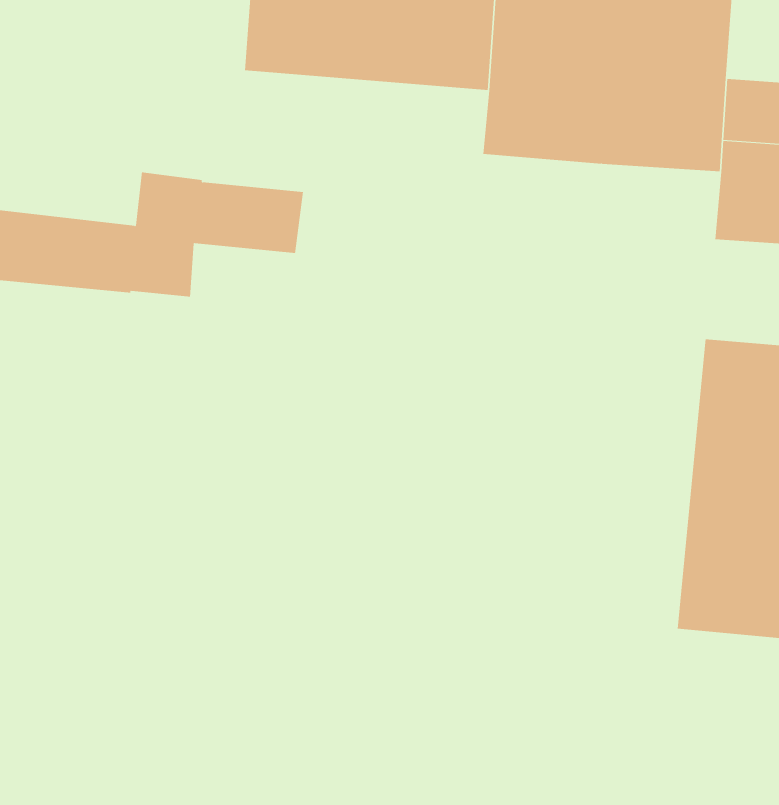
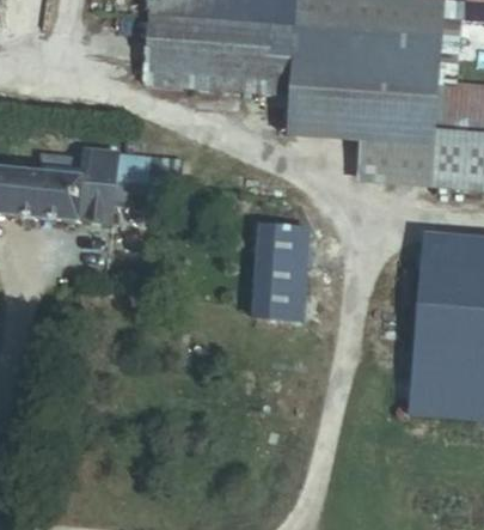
building: none -> [361,138,436,183]
building: none -> [245,227,300,322]

